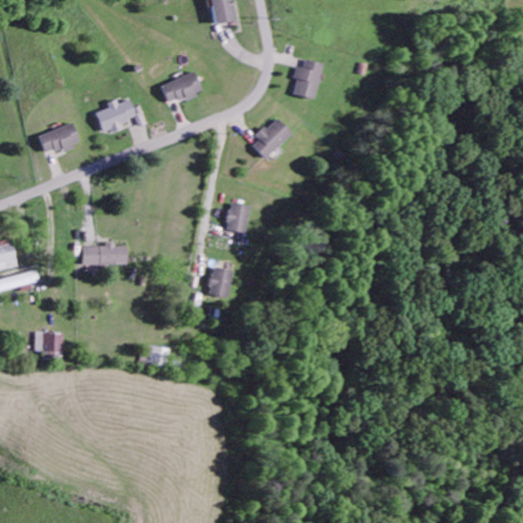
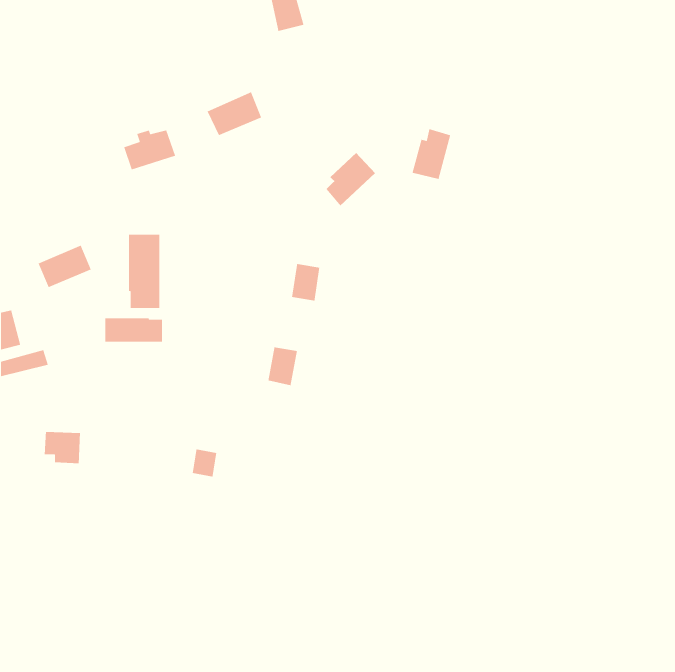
building: [291,59,322,99] -> [412,128,451,180]
building: [38,123,80,156] -> [37,245,92,288]
building: none -> [128,234,160,309]

